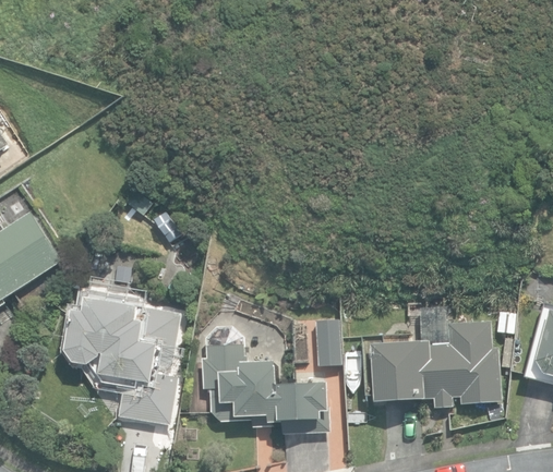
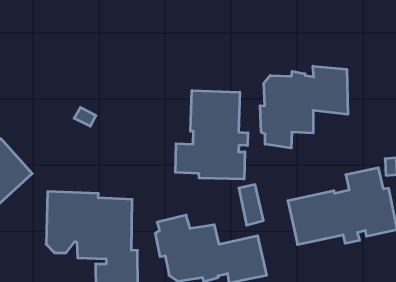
building: none -> [260,66,348,148]
building: none -> [175,90,248,179]

